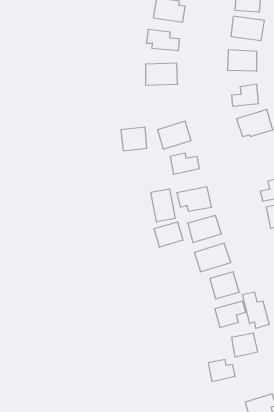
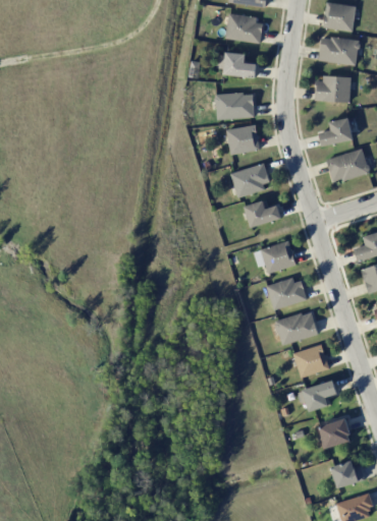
building: [121,127,147,151] -> [227,125,259,154]
building: [151,189,175,222] -> none
building: [154,222,183,247] -> none
building: [242,292,269,328] -> none
building: [208,359,235,381] -> [332,461,365,487]

